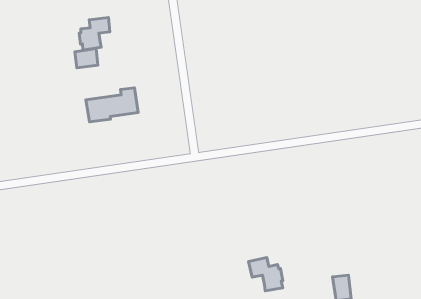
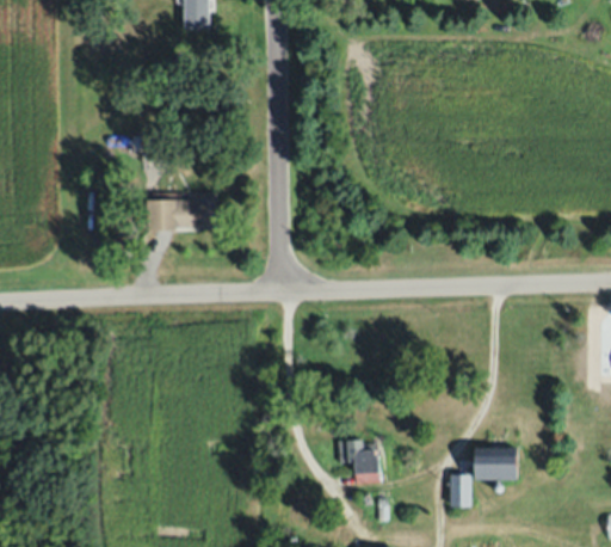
building: [79,18,110,50] -> none
building: none -> [475,447,518,492]

